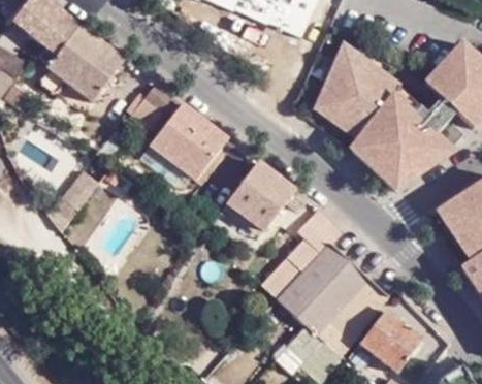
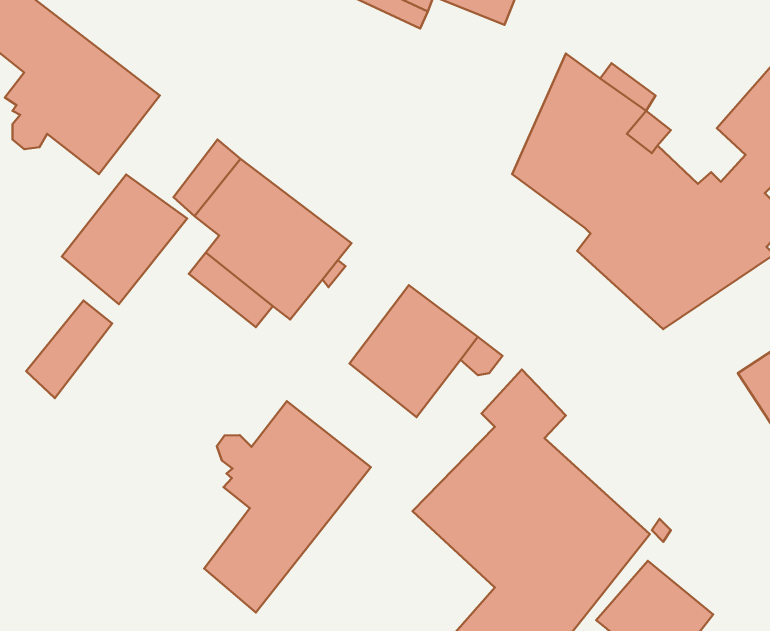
building: none -> [62,175,187,304]
building: none -> [204,401,371,612]

